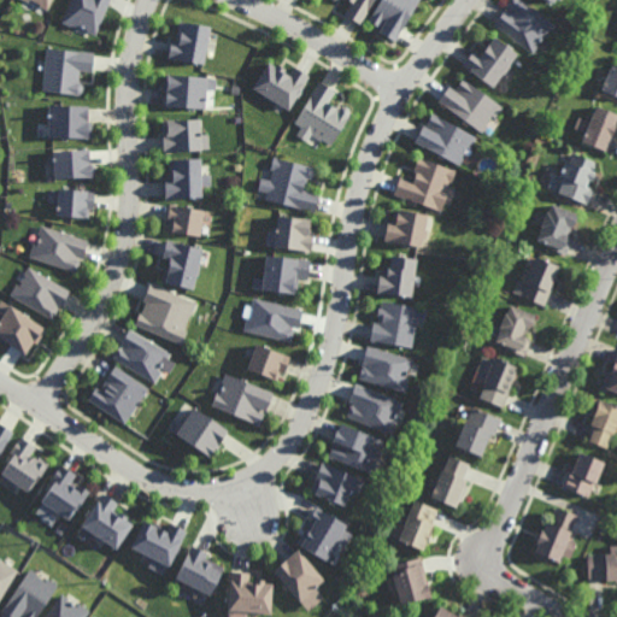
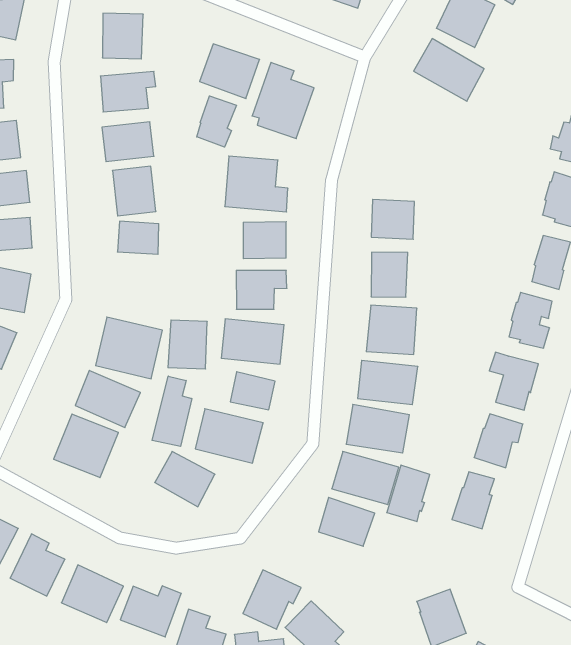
building: none -> [197,96,236,147]
building: [415,116,474,165] -> none
building: [393,159,458,212] -> none
building: [161,243,200,289] -> [168,320,207,369]
building: none -> [152,376,192,446]
building: [395,498,436,548] -> [387,465,430,522]
building: [298,510,351,563] -> [243,570,301,629]

